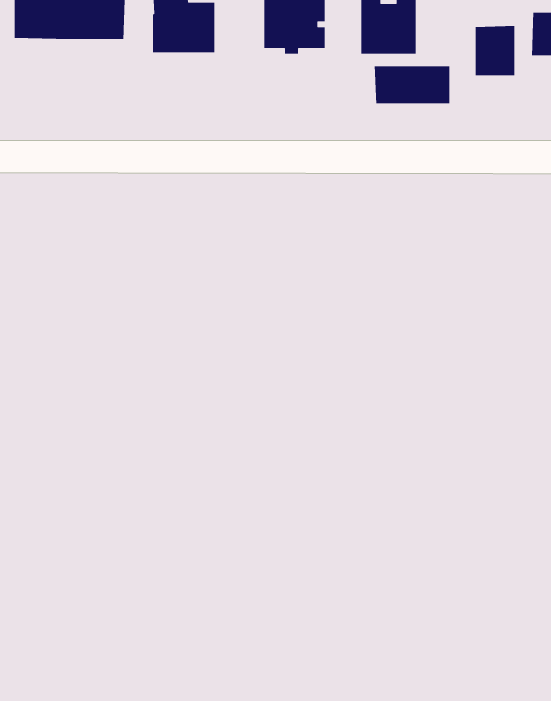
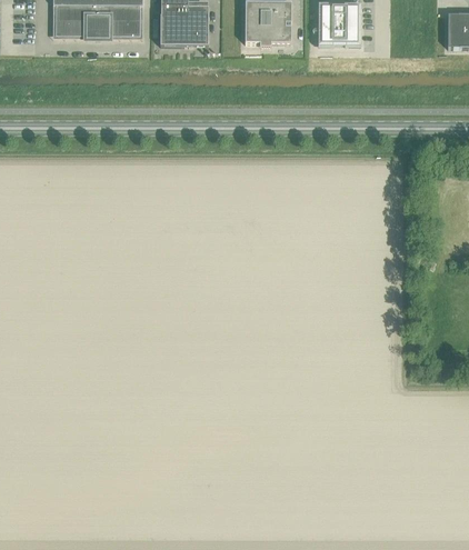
building: [475,25,515,76] -> none
building: [374,65,450,104] -> none

